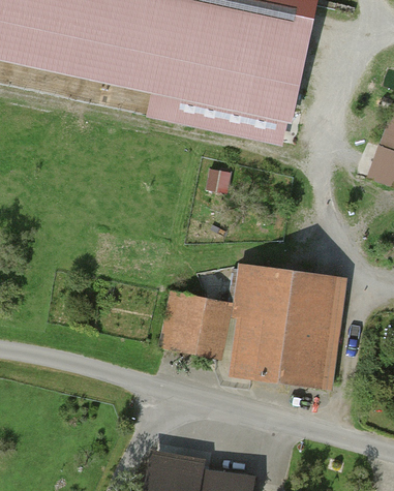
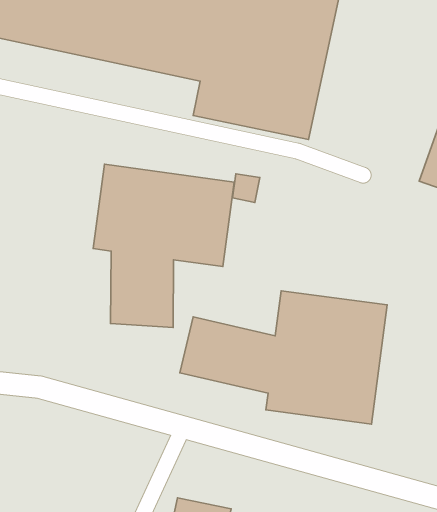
building: none -> [93,164,234,327]

